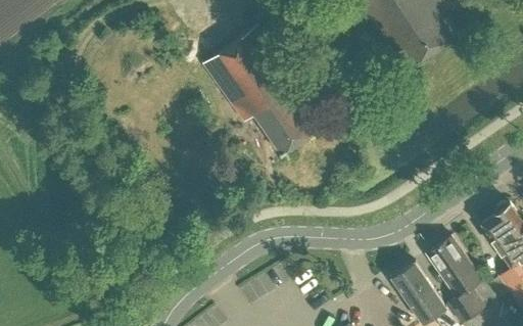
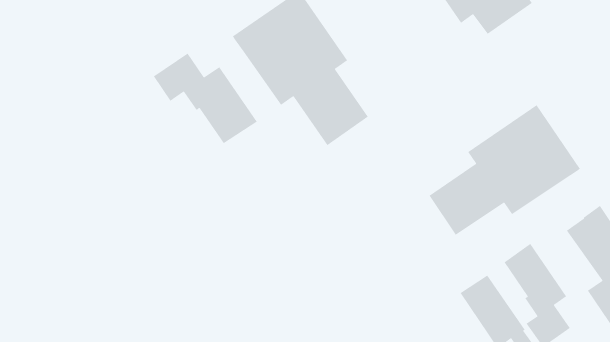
building: none -> [153,53,258,144]
building: none -> [428,104,581,236]

